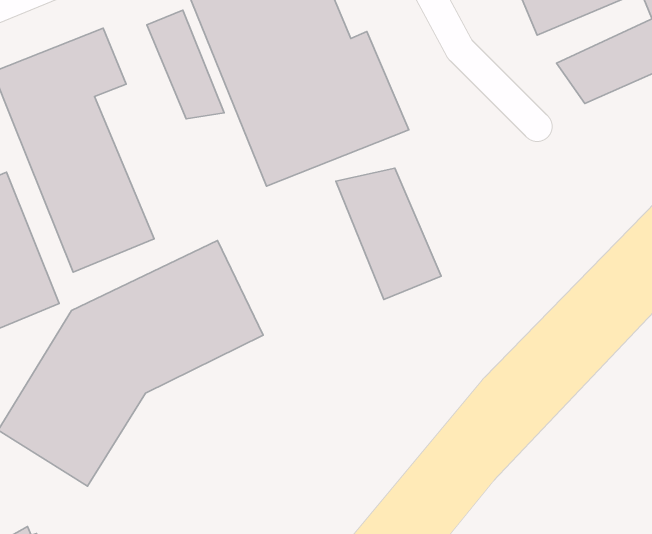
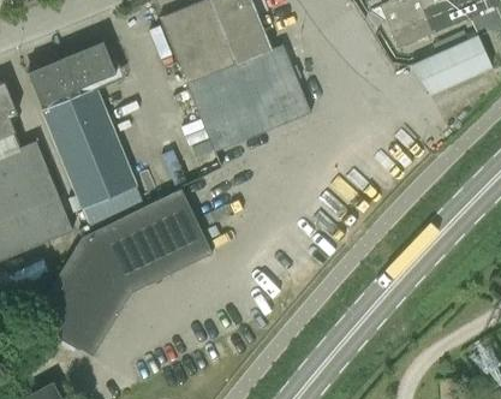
building: [147,10,224,119] -> none
building: [336,168,441,299] -> none

